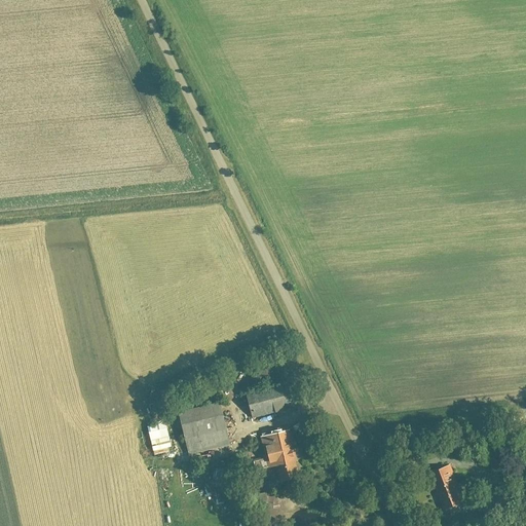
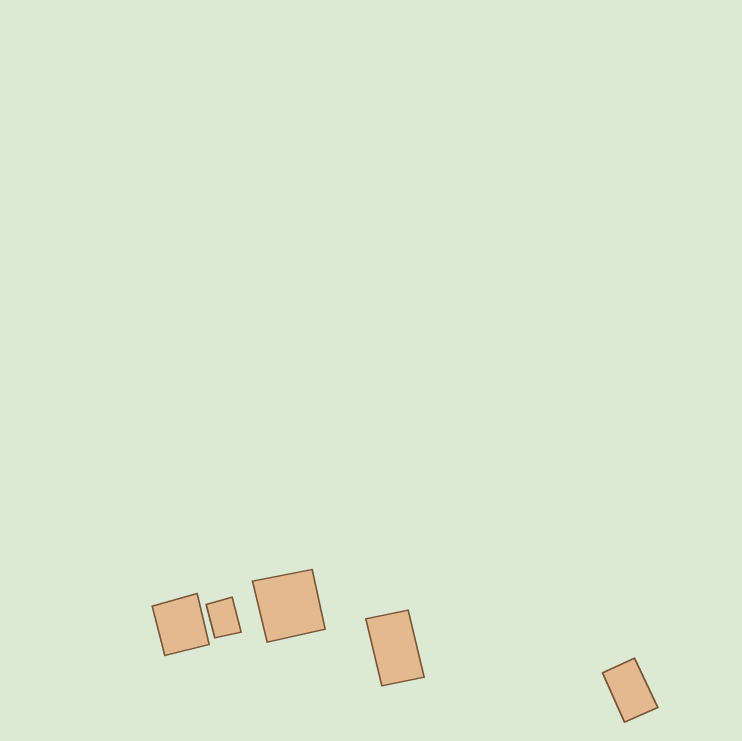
building: [247,381,293,415] -> none
building: none -> [152,593,209,656]

